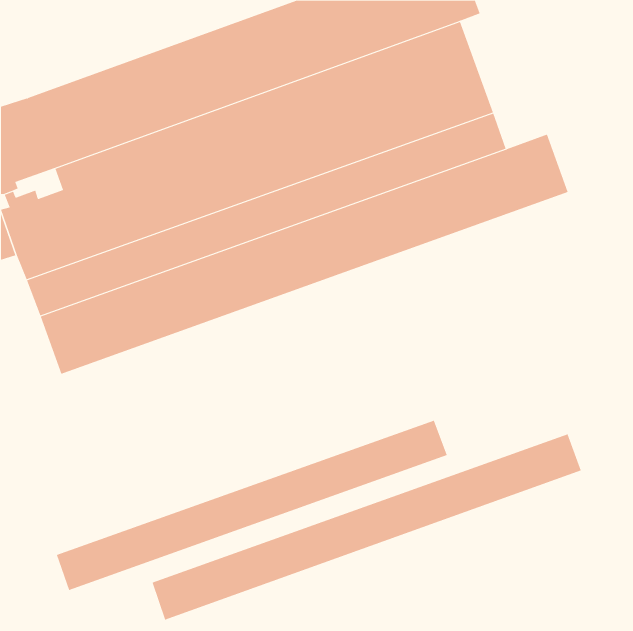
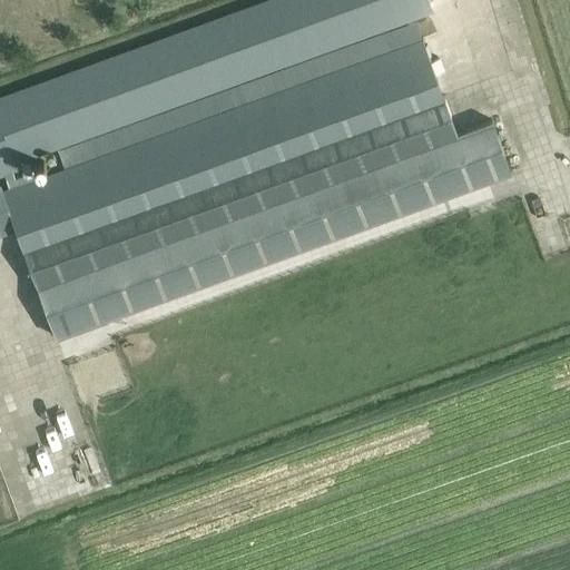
building: [56,420,447,591] -> none
building: [152,433,582,621] -> none

